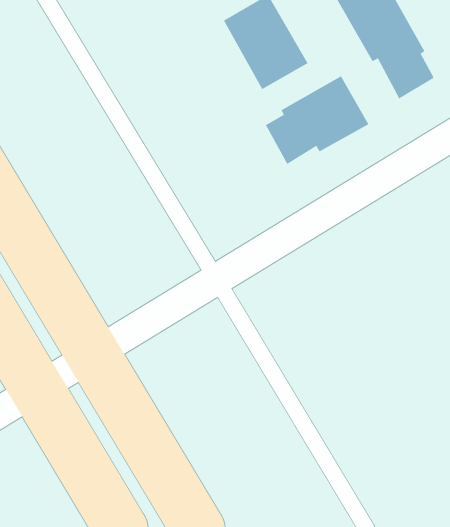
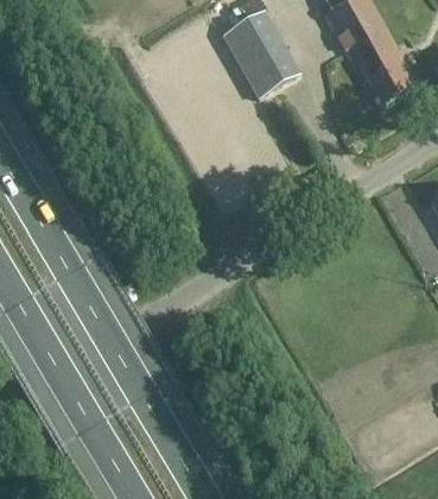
building: [265,76,369,165] -> none

